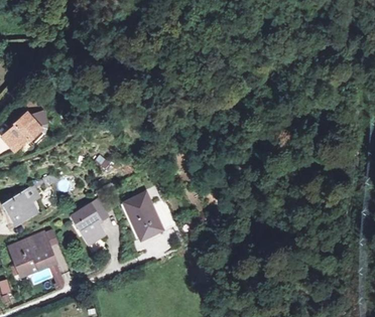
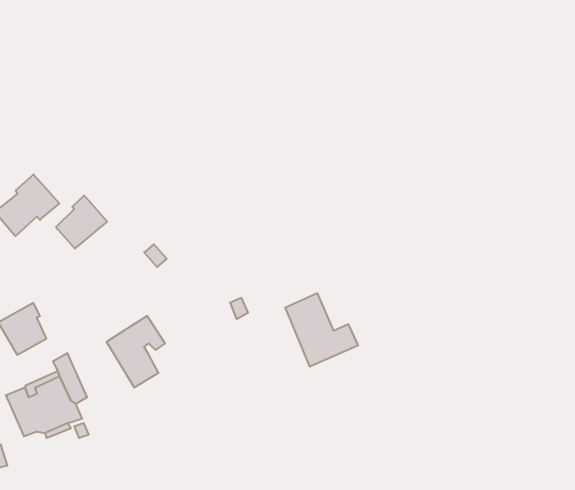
building: none -> [56,196,107,249]
building: [124,192,169,237] -> [285,293,358,366]

